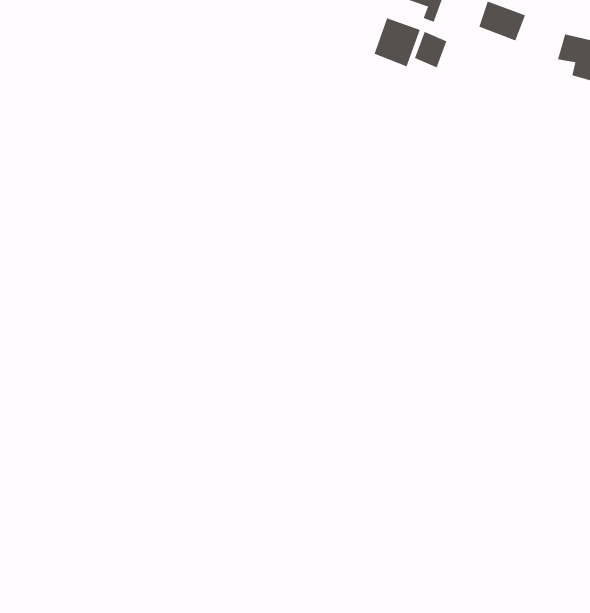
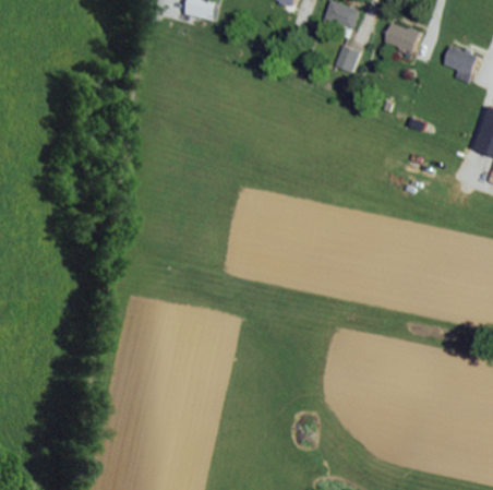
building: [374,17,421,67] -> none

